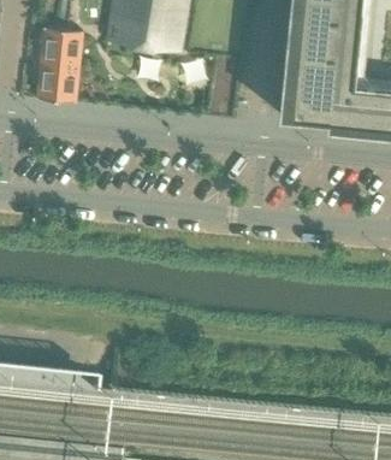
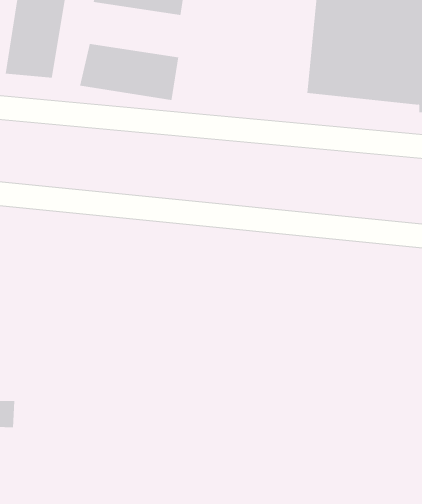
building: none -> [80,43,179,101]

